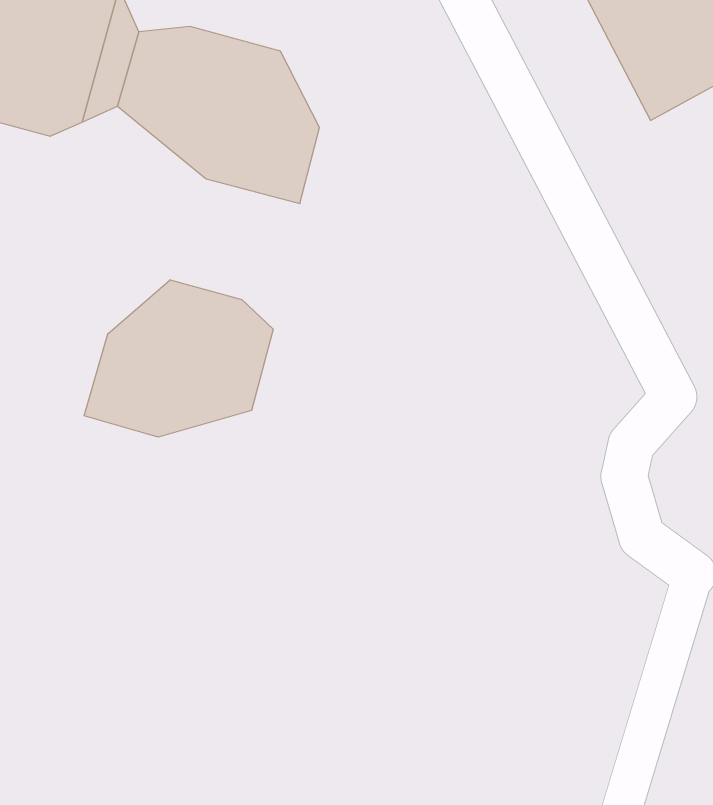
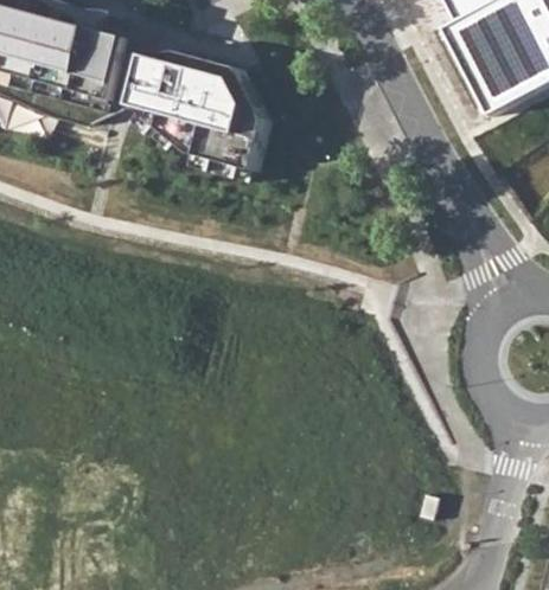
building: [84,280,273,437] -> none

